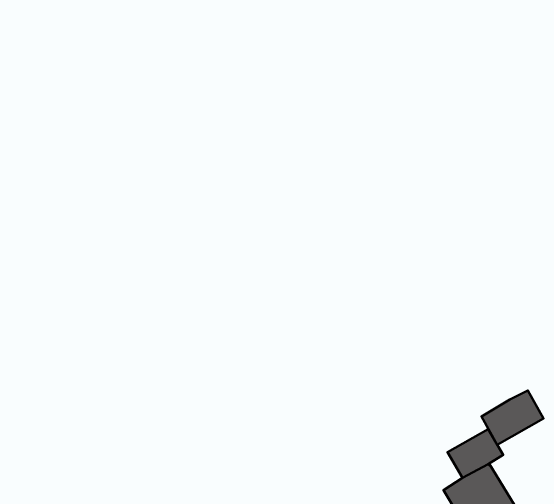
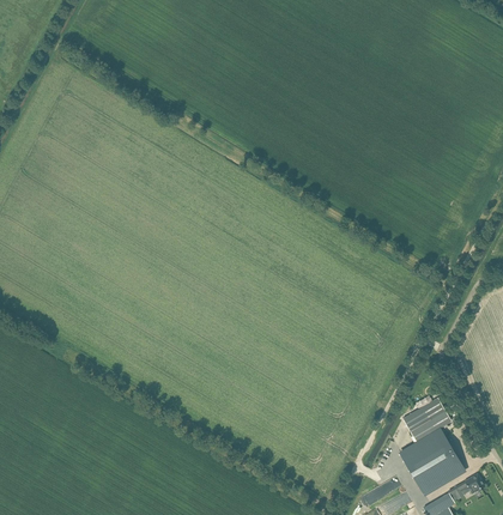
building: [482,390,543,445] -> none

